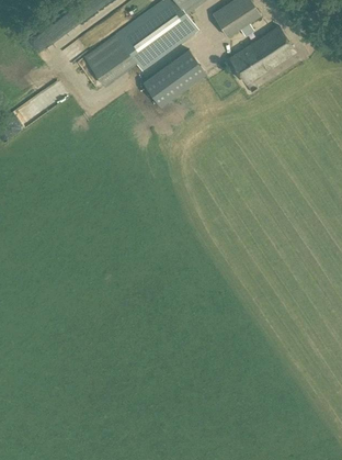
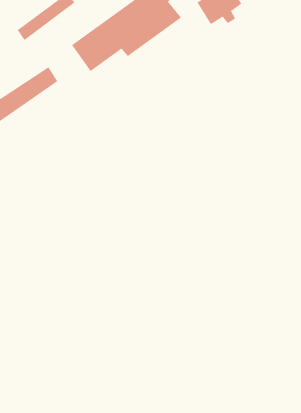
building: [228,26,294,82] -> none
building: [141,49,204,106] -> none

